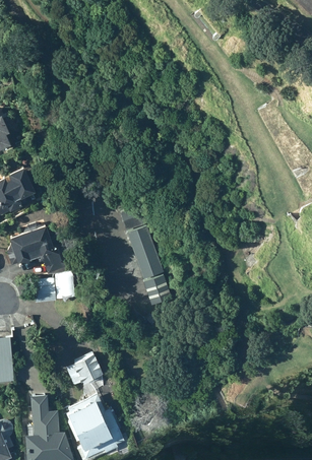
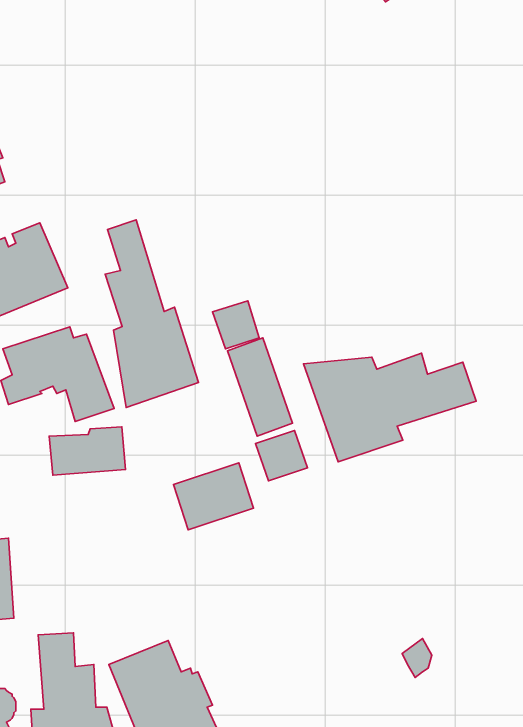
building: none -> [105,220,198,408]
building: none -> [303,353,476,462]
building: none -> [173,463,254,530]
building: [67,353,103,387] -> none

